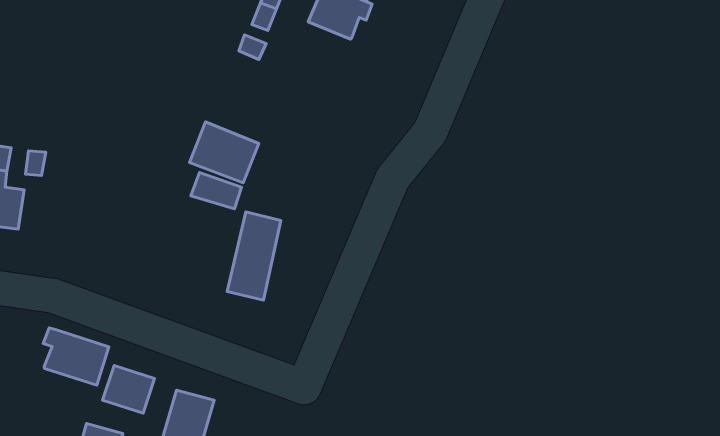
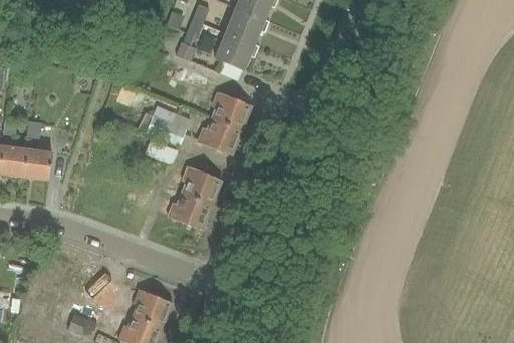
building: none -> [216,33,260,70]
building: none -> [196,89,246,152]
building: none -> [25,149,53,181]
building: [43,328,109,385] -> none

